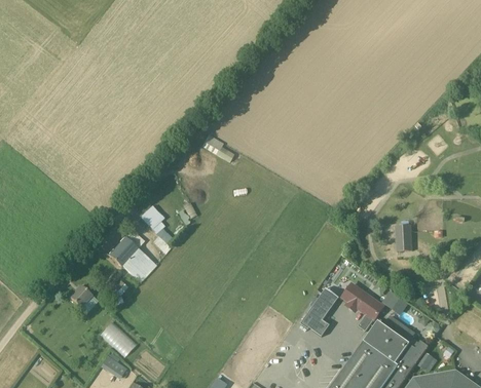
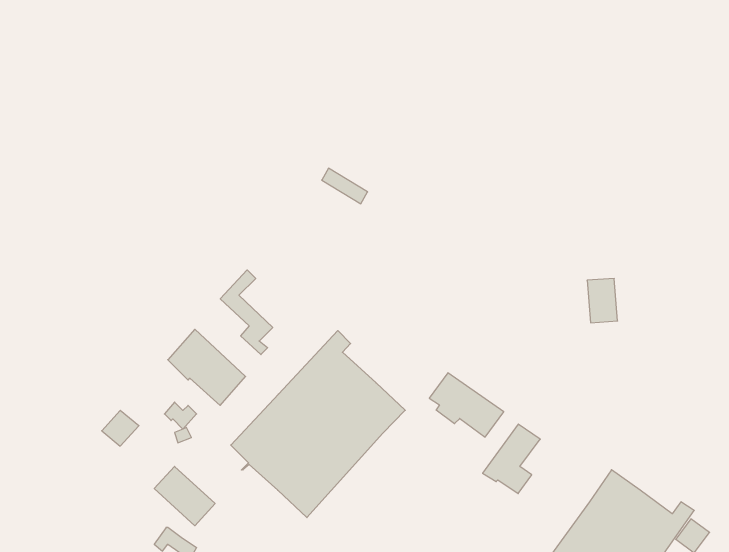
building: [395,224,413,250] -> [587,279,618,323]
building: none -> [231,331,405,518]
building: [340,281,385,320] -> [429,373,504,437]

